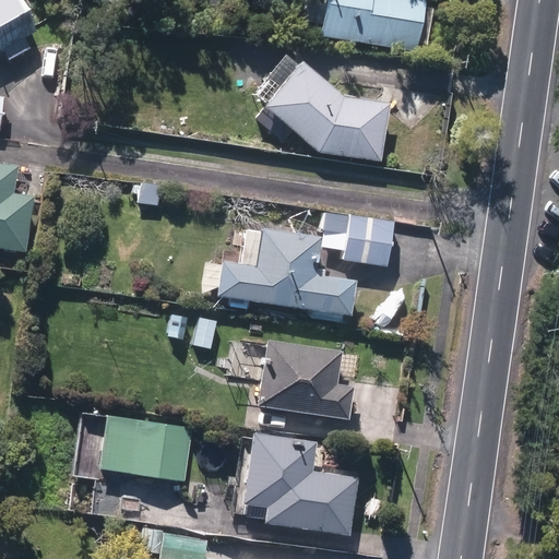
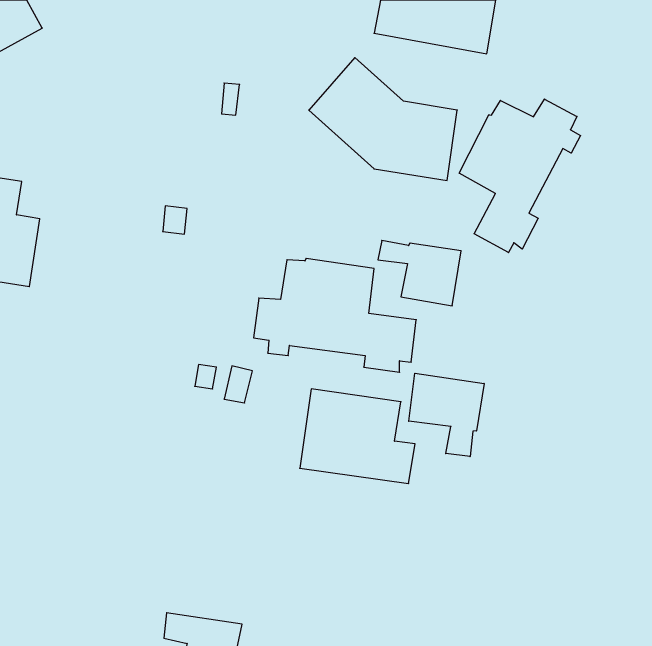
building: none -> [459,99,581,253]
building: none -> [409,373,484,457]
building: [97,415,191,481] -> none
building: [242,431,357,534] -> none

